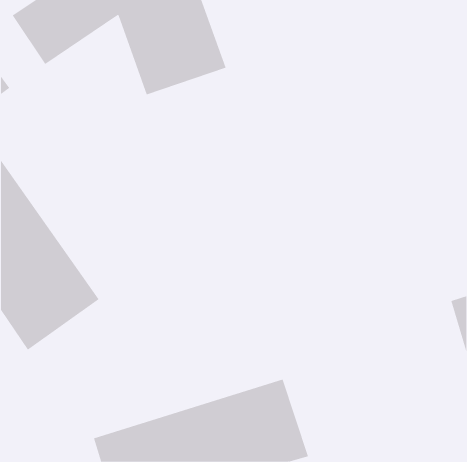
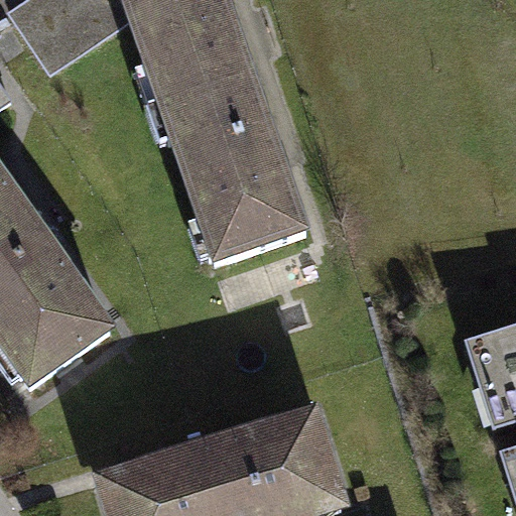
building: none -> [161,75,304,262]

